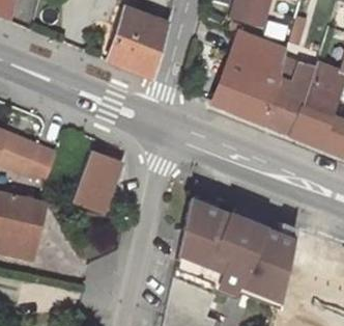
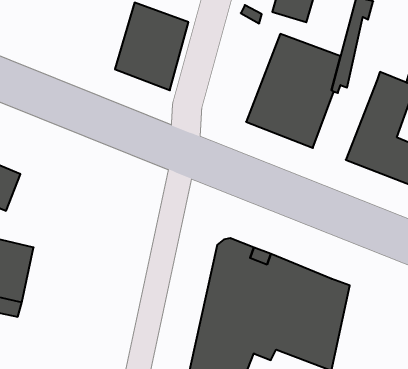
building: [266,64,317,134] -> none
building: [71,152,122,212] -> none

